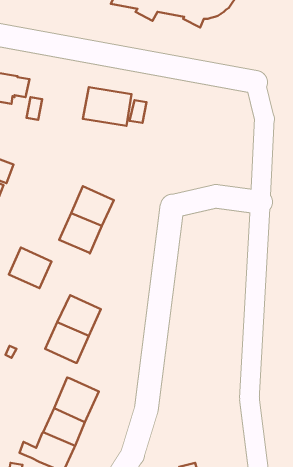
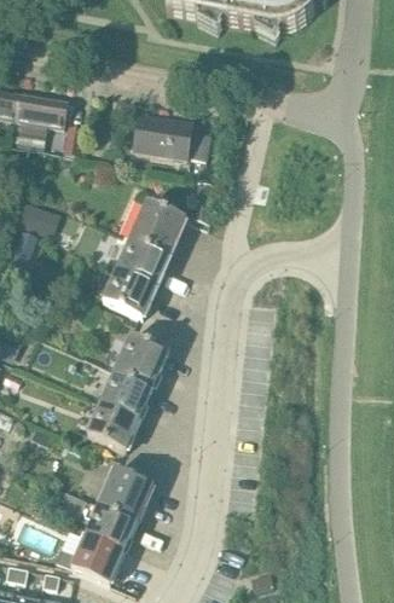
building: none -> [133,202,185,251]
building: [9,248,52,288] -> [117,335,169,384]

